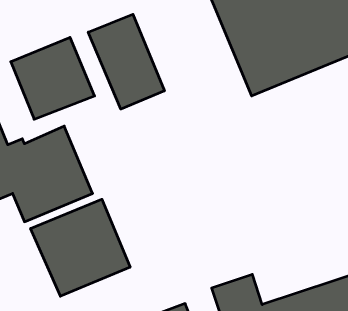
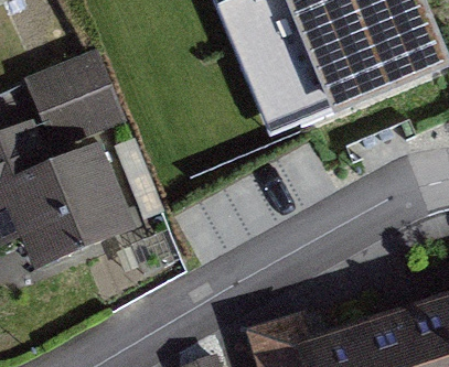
building: [88,14,164,109] -> none
building: [31,199,130,296] -> none

